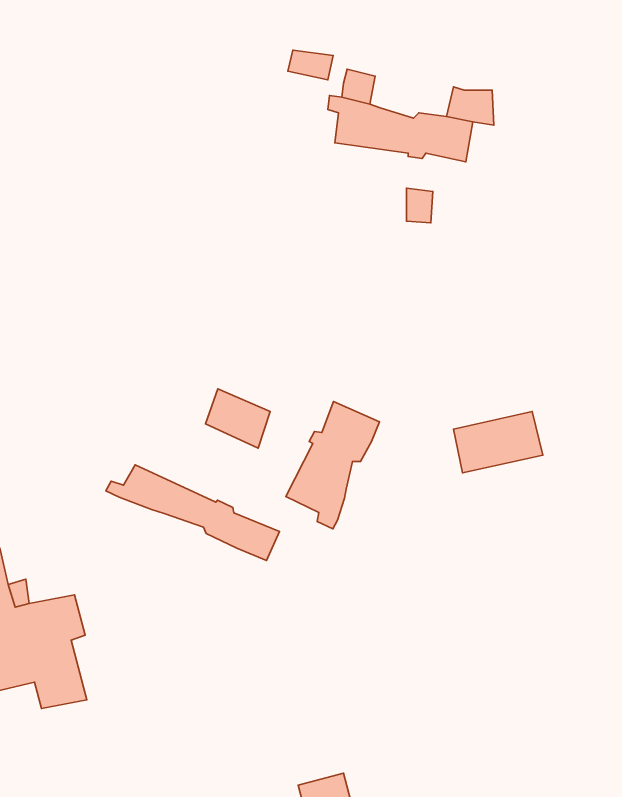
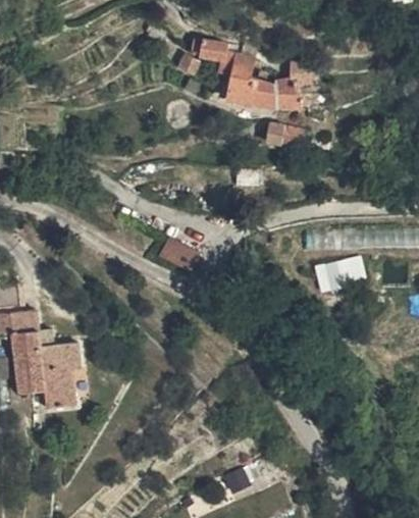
building: [286,401,379,529] -> none
building: [106,465,279,560] -> none

